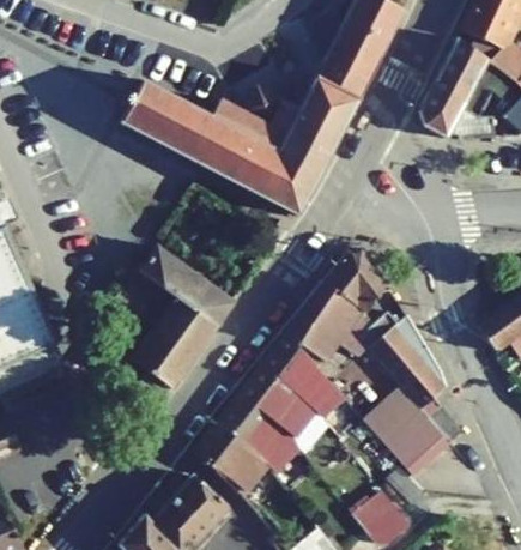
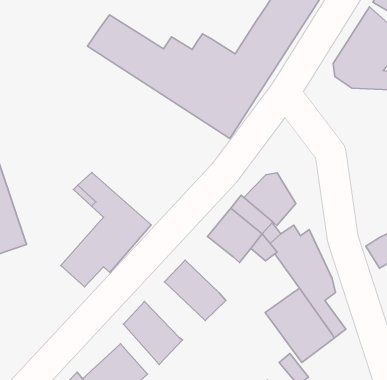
building: [138,247,234,327] -> none
building: [261,334,323,401] -> none
building: [217,394,301,472] -> none

